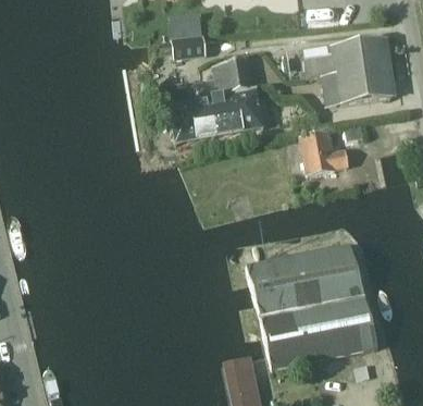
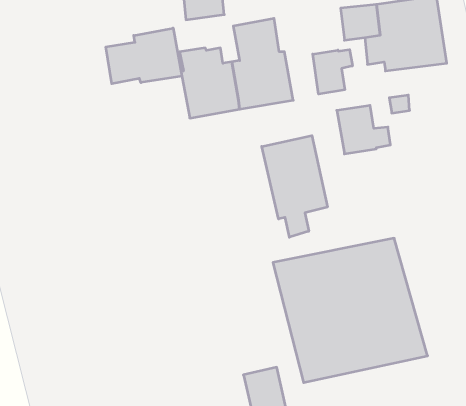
building: none -> [106,28,182,84]
building: none -> [313,50,352,94]
building: none -> [262,136,327,237]

